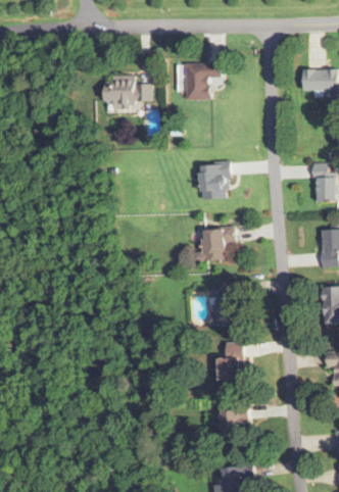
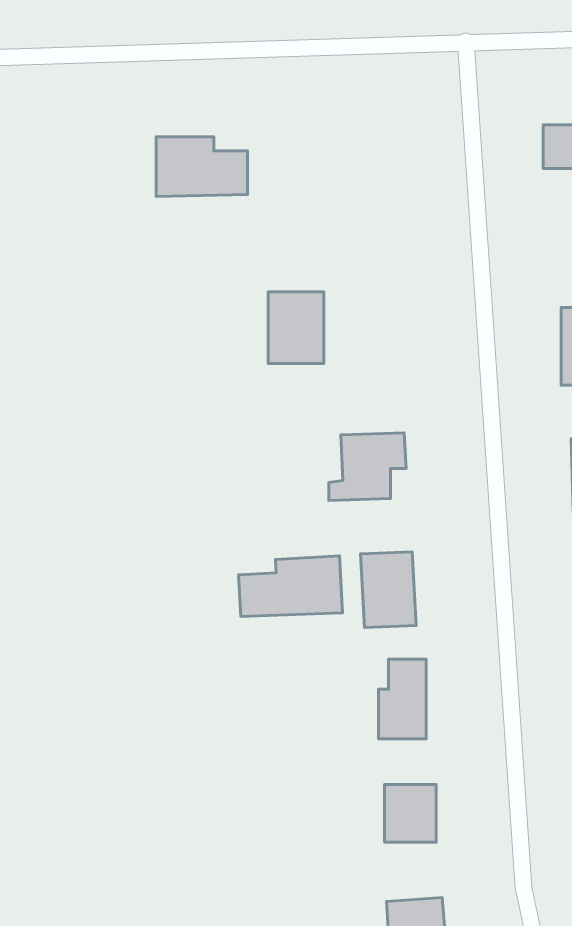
building: [183,62,219,100] -> none
building: [199,162,228,199] -> [268,292,324,363]
building: none -> [239,556,343,616]

